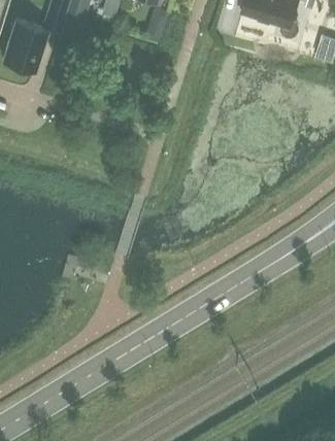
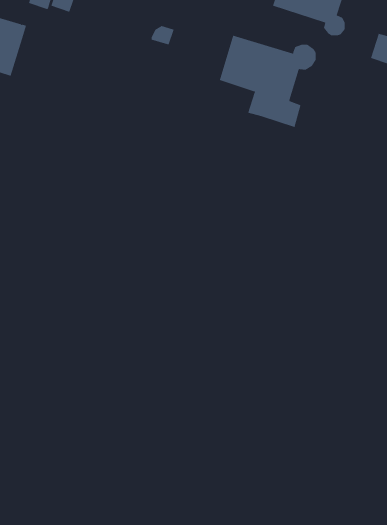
building: none -> [219,35,316,128]

